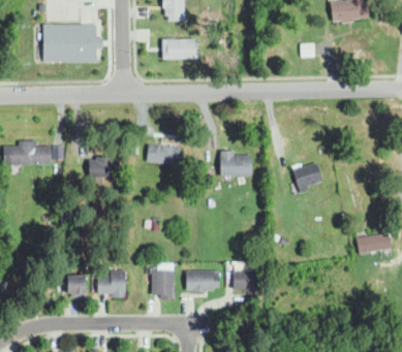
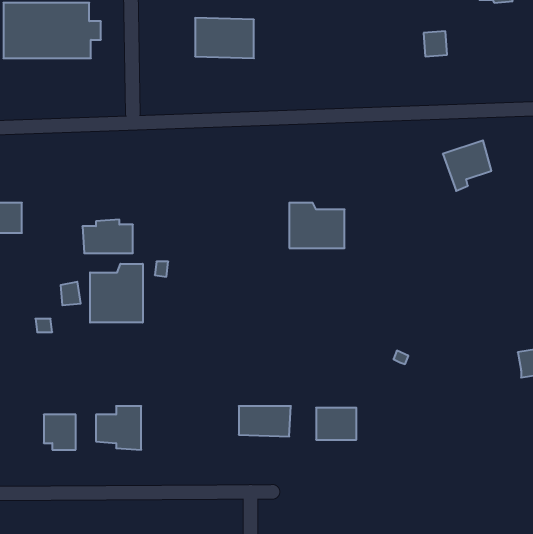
building: [147,145,181,165] -> none
building: [292,163,322,194] -> [443,140,491,191]
building: none -> [90,264,143,323]
building: [151,264,174,300] -> none

